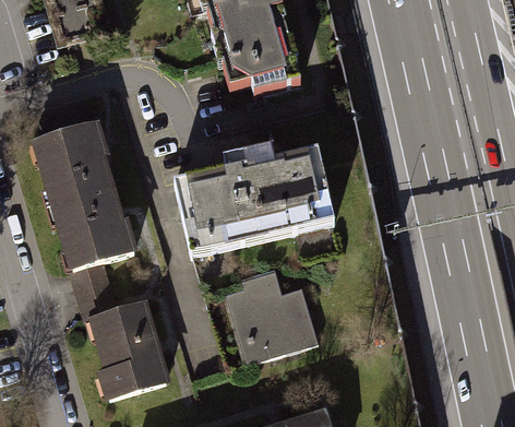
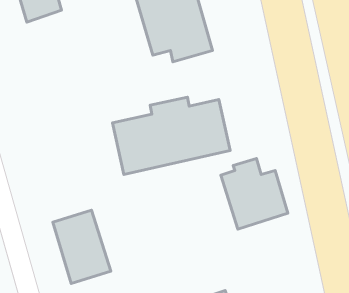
building: [34,122,136,269] -> none
building: [221,268,312,364] -> [221,158,288,229]

